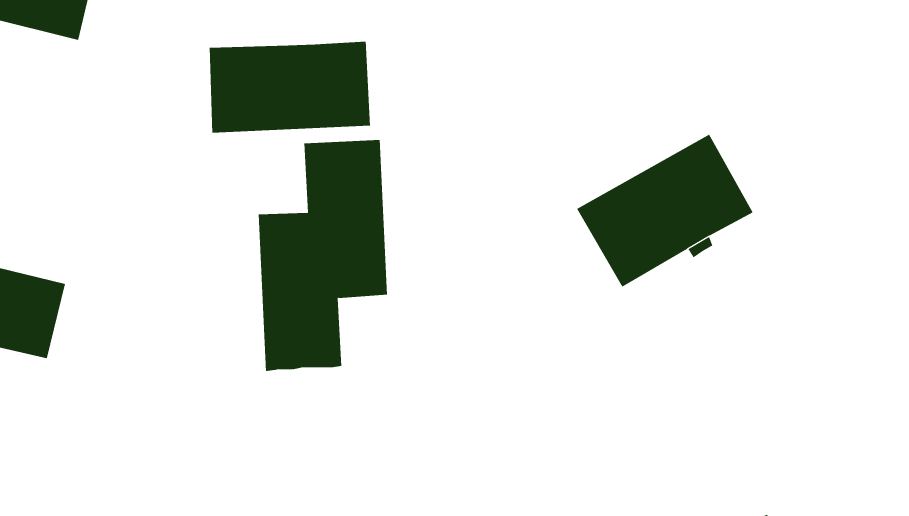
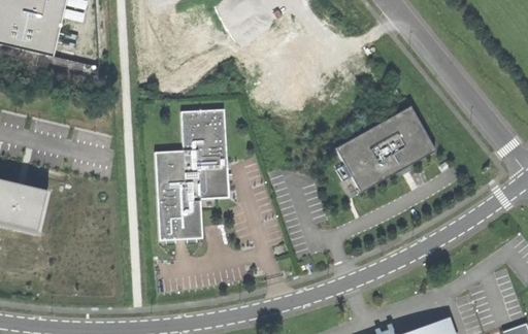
building: [209,41,370,134] -> none

